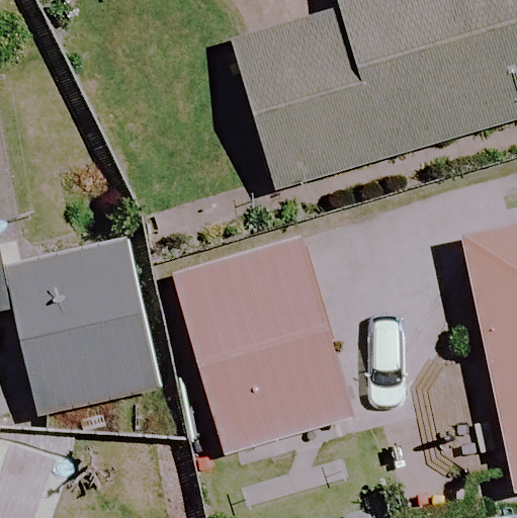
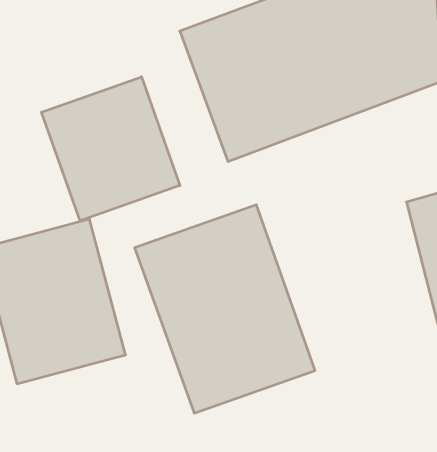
building: none -> [42,77,180,221]

